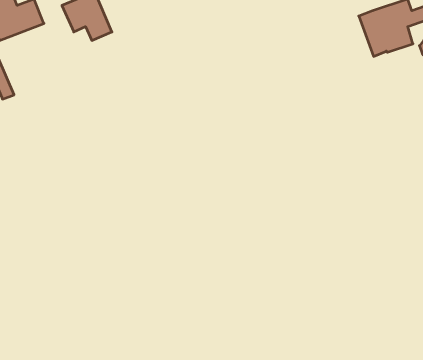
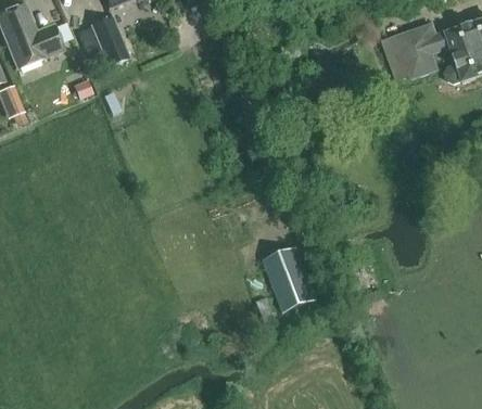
building: none -> [264,244,317,309]

